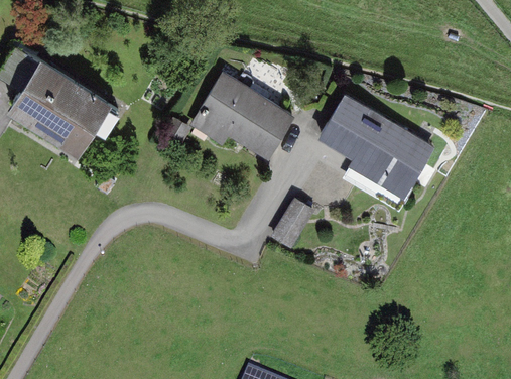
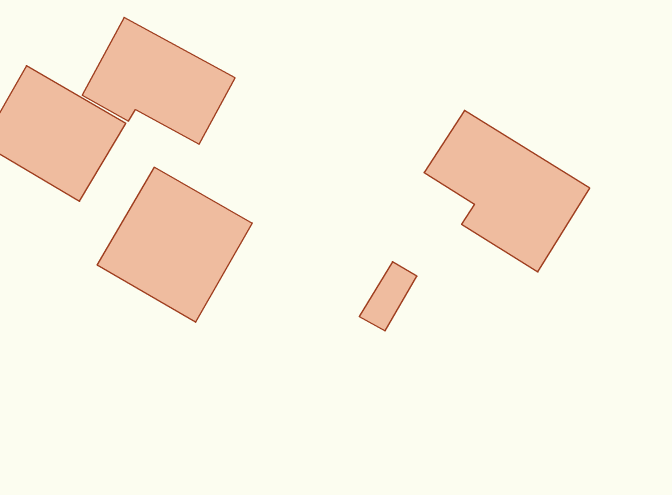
building: [190,71,297,159] -> [82,17,235,144]
building: none -> [97,167,252,322]

